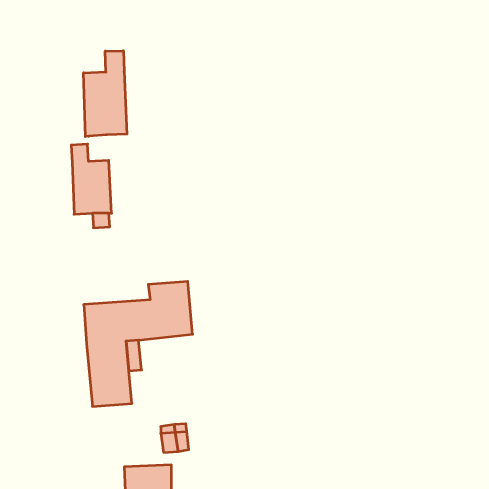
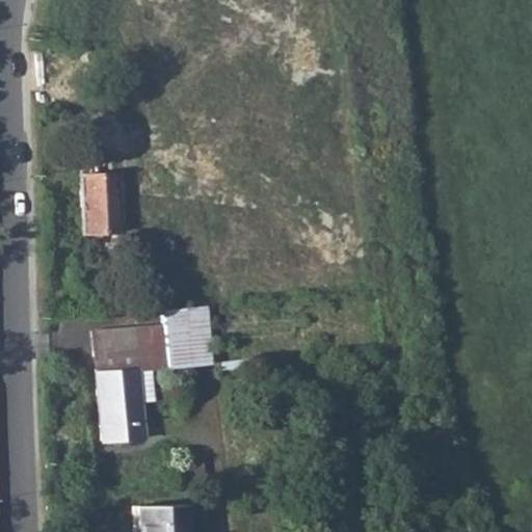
building: [84,51,127,137] -> none

